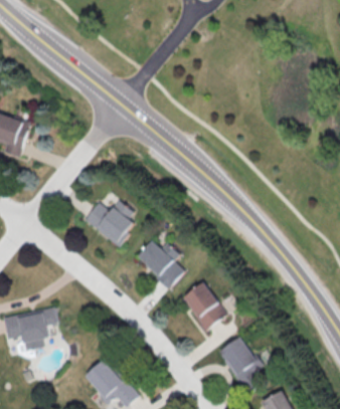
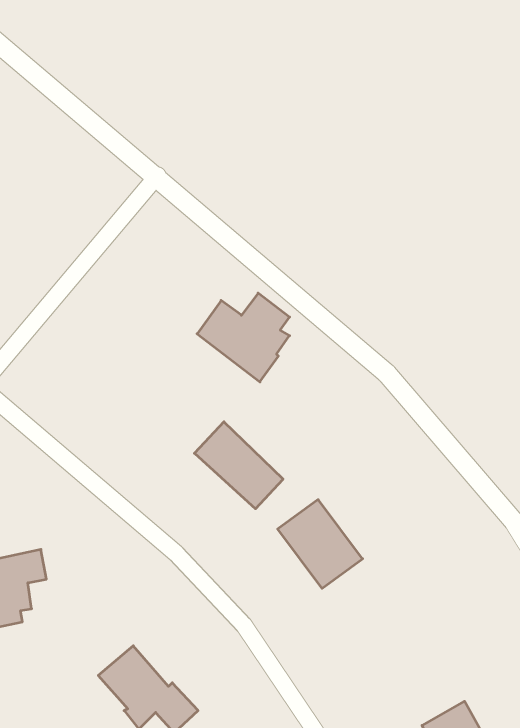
building: [84,199,135,247] -> [197,293,290,382]
building: [222,339,264,396] -> none

